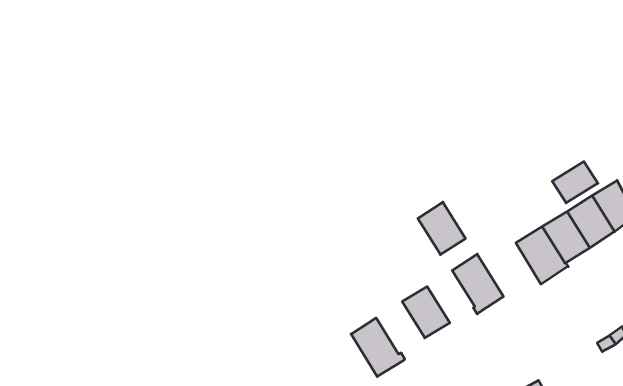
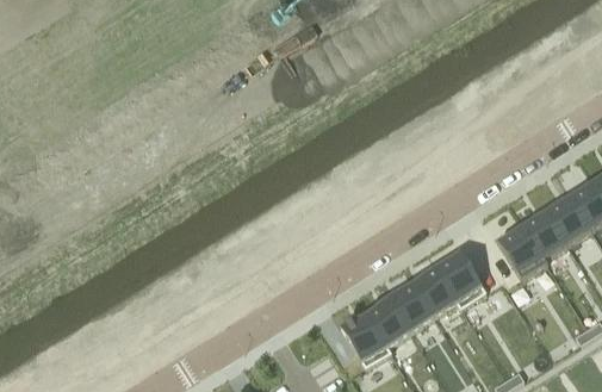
building: [552,162,598,203] -> none
building: [418,202,465,255] -> [412,267,458,317]
building: none -> [364,297,410,347]

